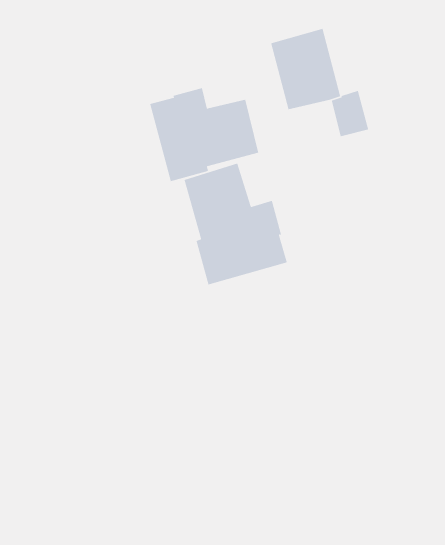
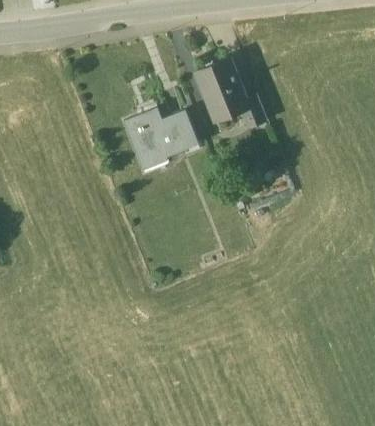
building: [183,162,288,285] -> none

